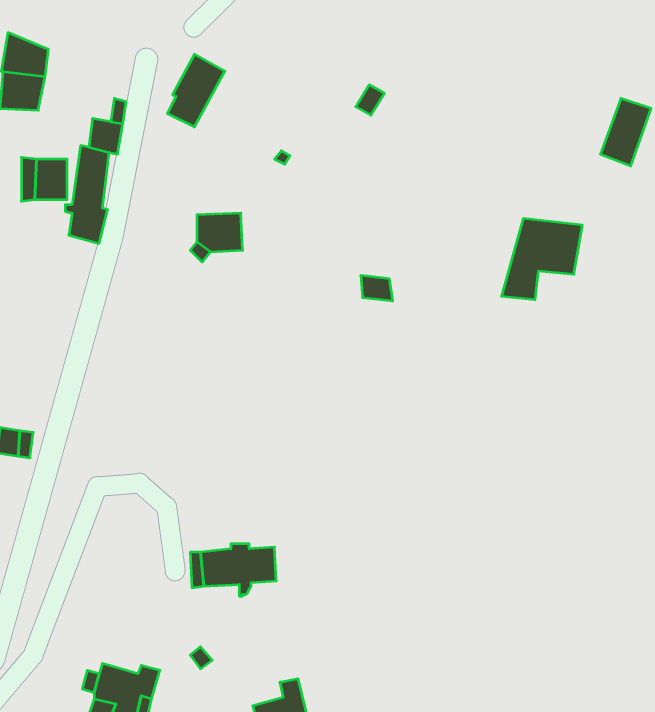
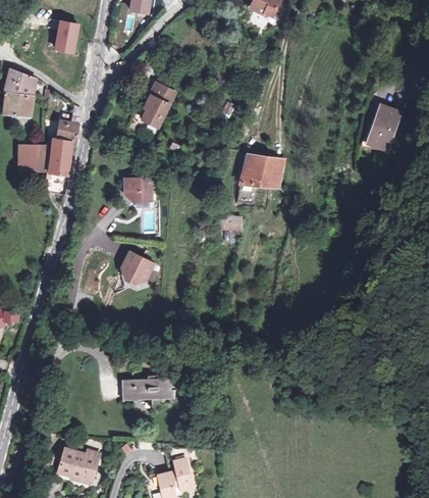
building: [167,54,225,127] -> [144,79,178,122]
building: [501,219,582,300] -> [235,154,284,203]
building: none -> [122,251,154,282]

